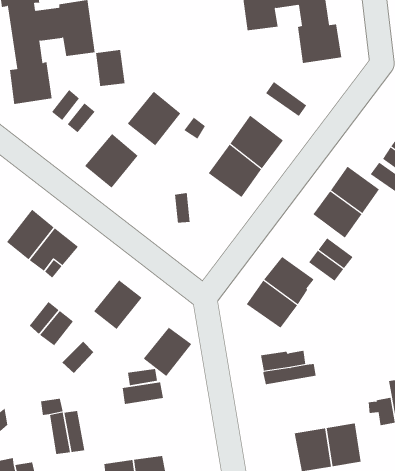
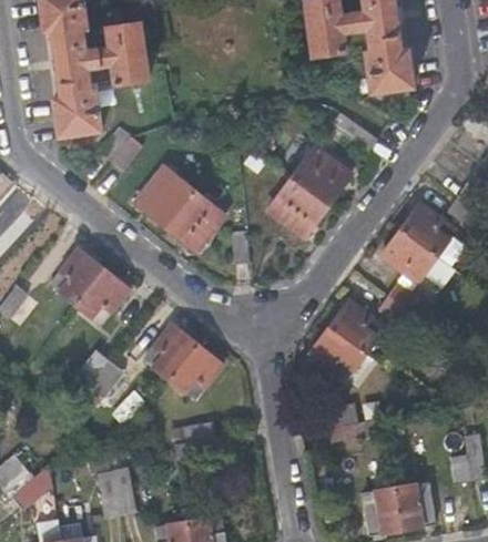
building: [95,49,125,87] -> none
building: [127,91,181,146] -> [164,192,223,252]
building: [143,327,192,377] -> [170,346,223,400]

